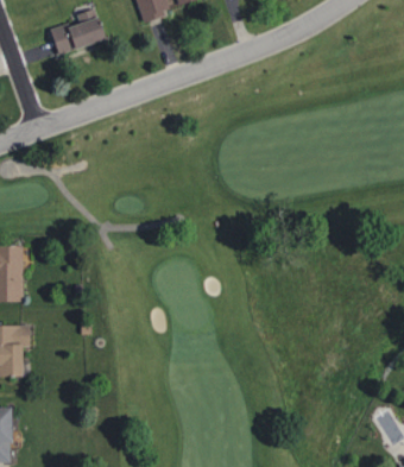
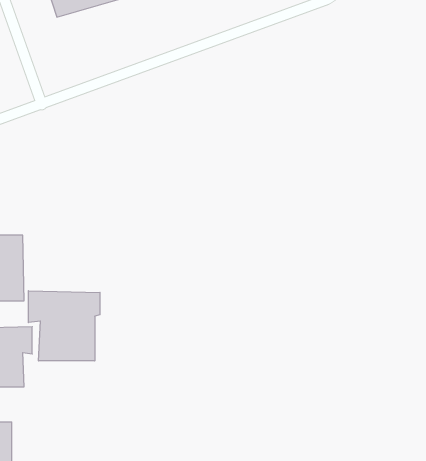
building: none -> [28,291,100,361]

